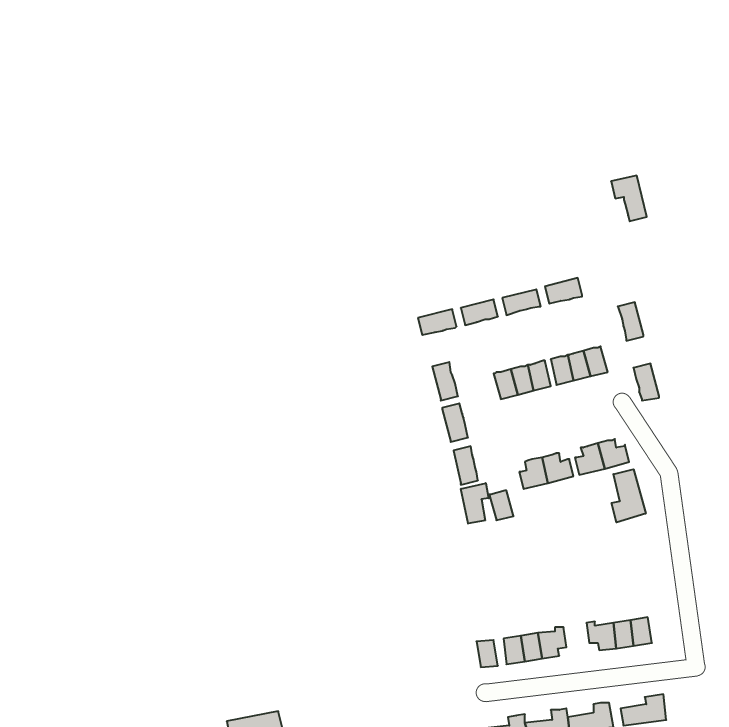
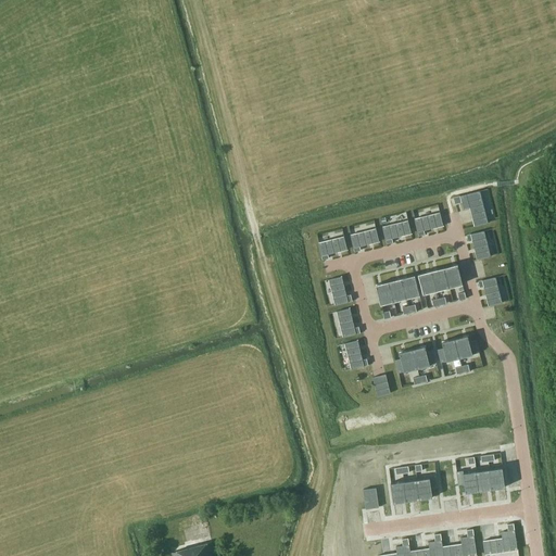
building: [611,176,647,221] -> [460,192,488,227]
building: [612,469,646,522] -> none
building: [461,483,489,524] -> none

